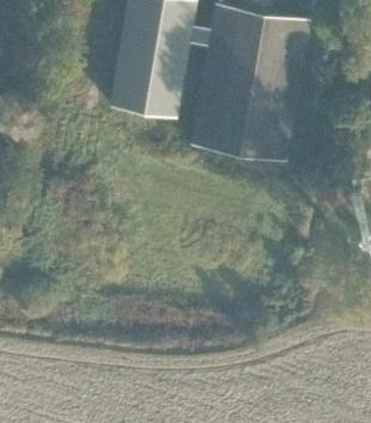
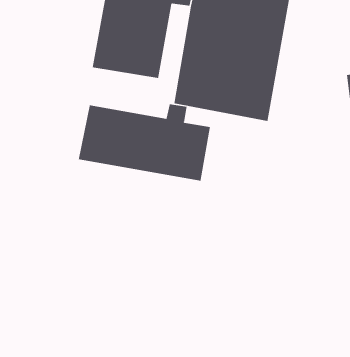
building: none -> [78,104,210,181]

